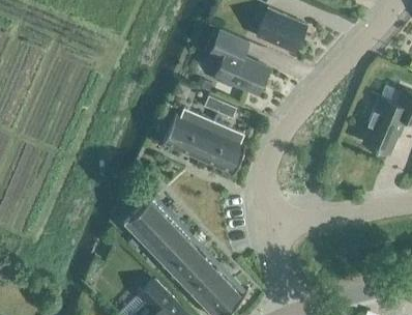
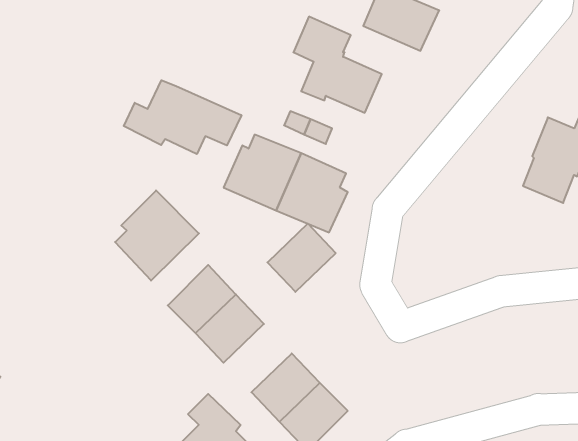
building: none -> [124,80,241,154]
building: none -> [115,190,199,281]
building: [164,234,209,280] -> [267,224,336,292]

